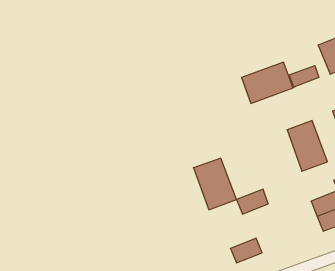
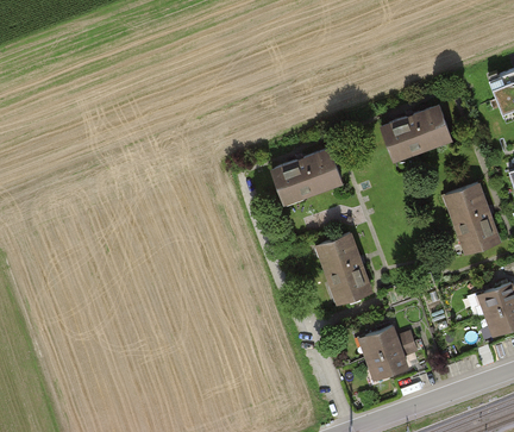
building: [289,66,319,87] -> none
building: none -> [275,149,343,205]
building: [236,189,268,214] -> [357,325,401,359]

